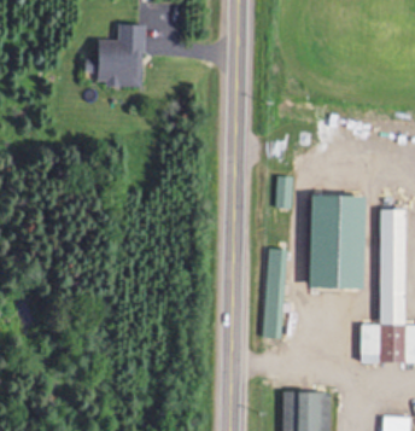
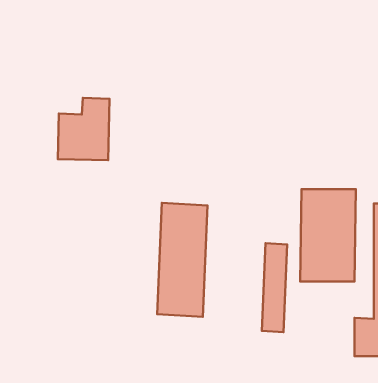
building: [93,24,145,87] -> [58,98,109,160]
building: none -> [157,203,207,317]

